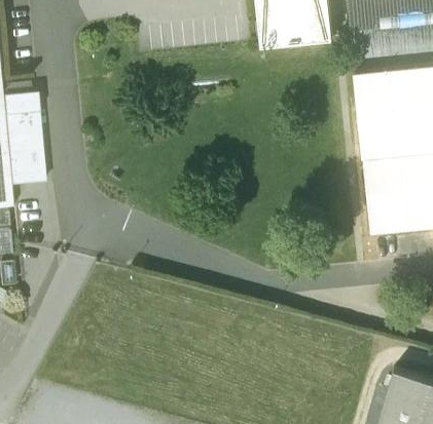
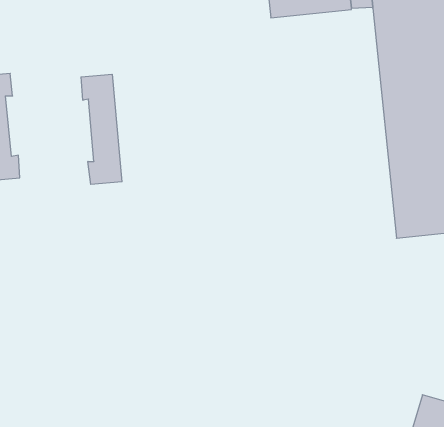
building: none -> [81,74,122,184]

